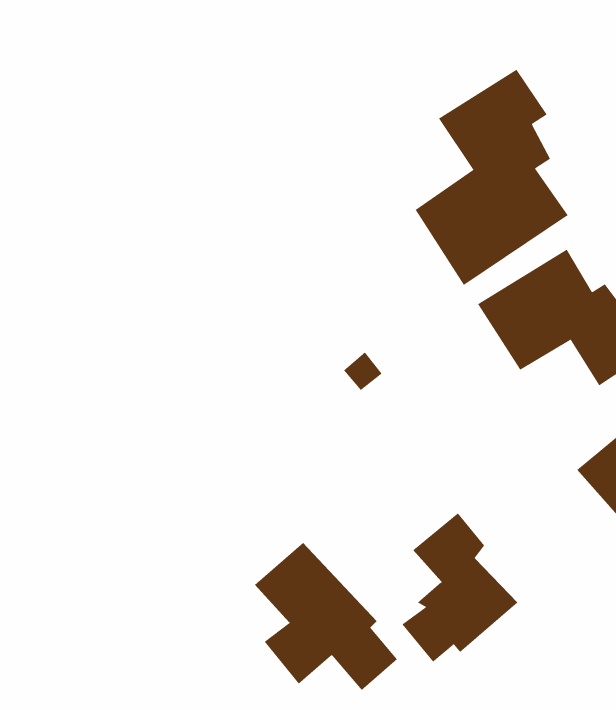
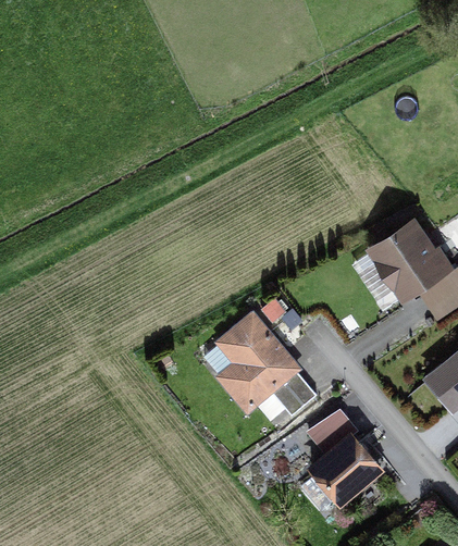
building: [415,69,569,286] -> none
building: [254,542,398,691] -> [218,313,317,415]

